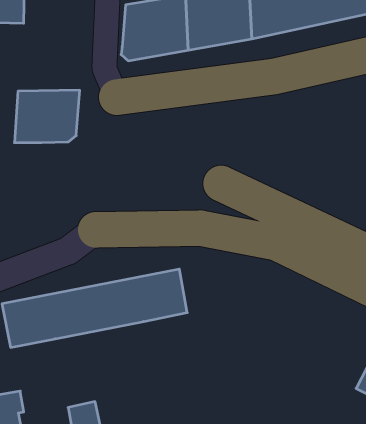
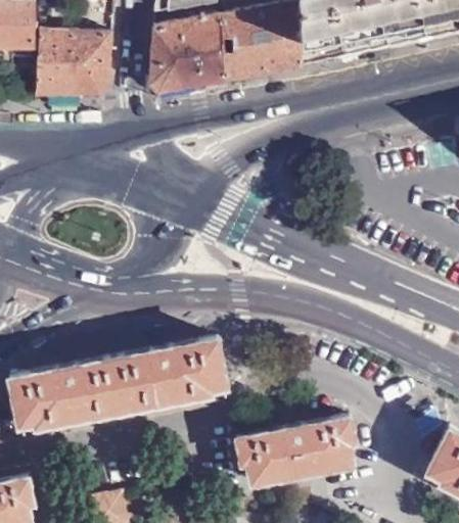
building: [14,90,80,143] -> [36,35,112,96]
building: none -> [235,419,354,485]

